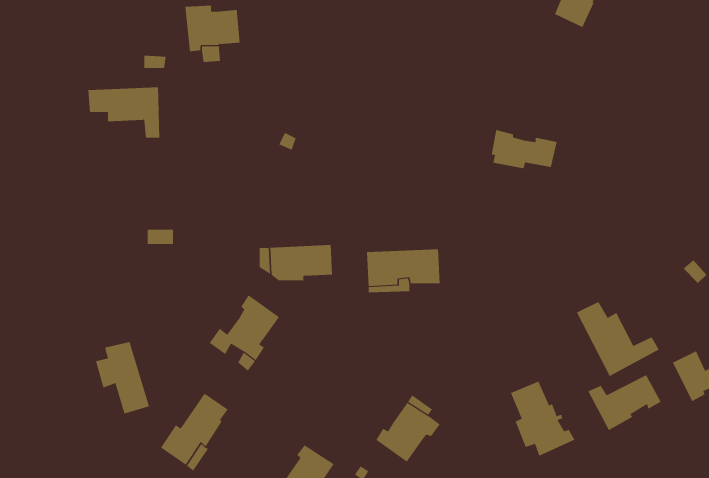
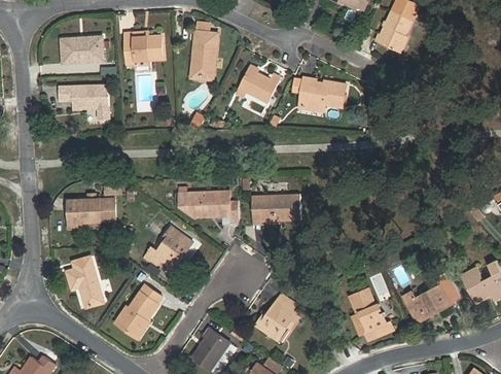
building: none -> [193,32,218,78]
building: none -> [65,37,106,64]
building: none -> [238,69,279,103]
building: [491,130,558,169] -> [301,76,347,103]
building: none -> [72,199,117,228]
building: [576,301,660,377] -> none

